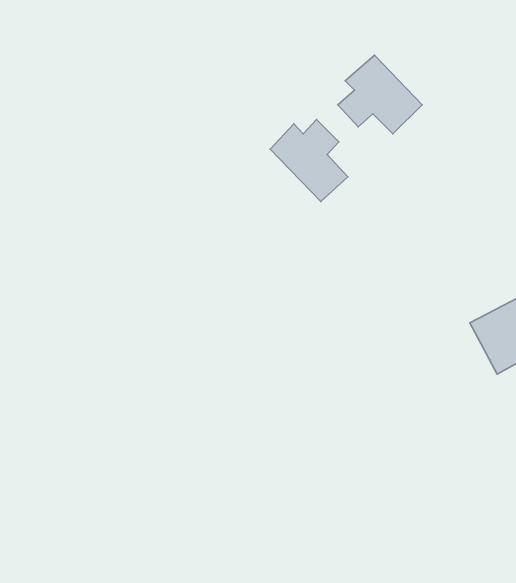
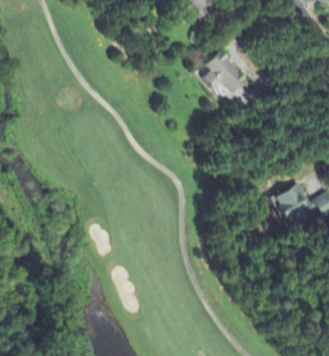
building: [270,120,348,202] -> none

